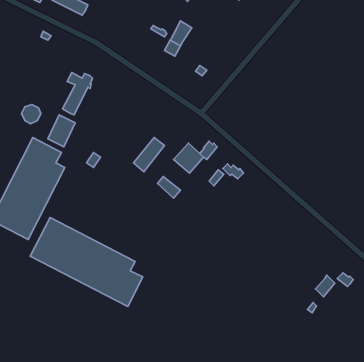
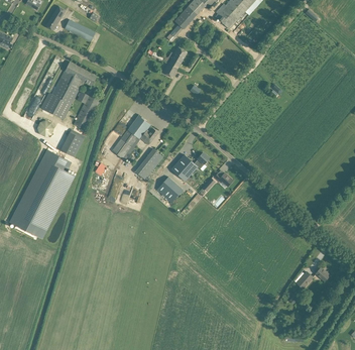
building: none -> [40,62,96,120]
building: none -> [111,115,157,160]
building: [30,217,143,306] -> none

